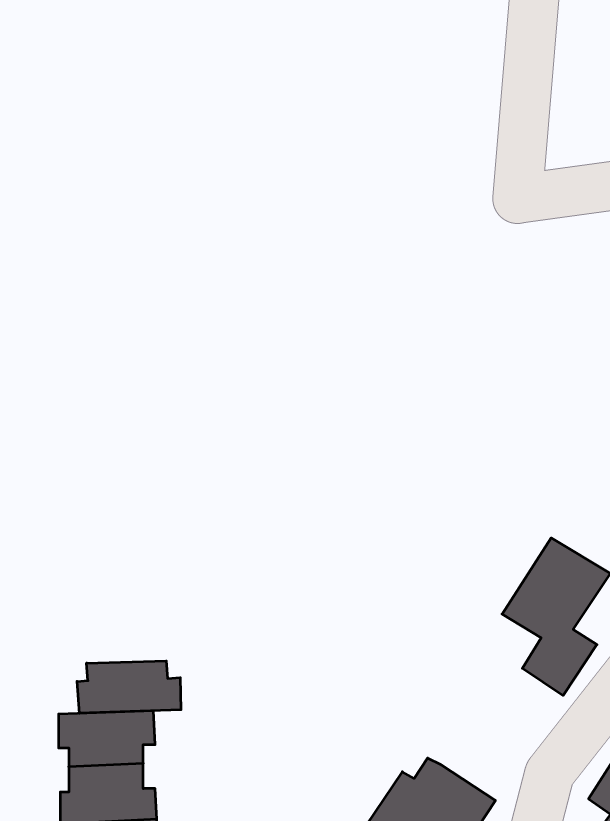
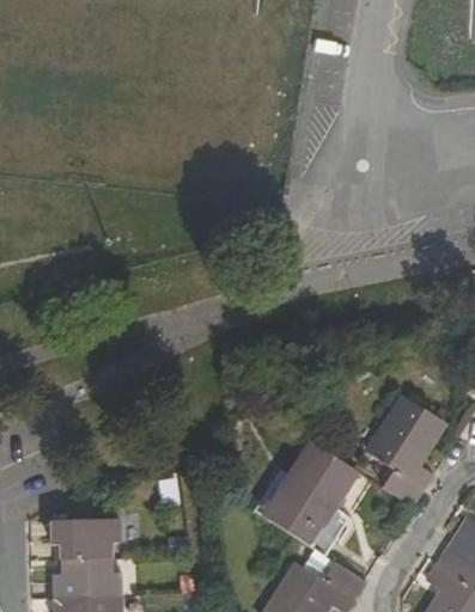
building: none -> [255,445,357,557]
building: [77,661,181,713] -> none

